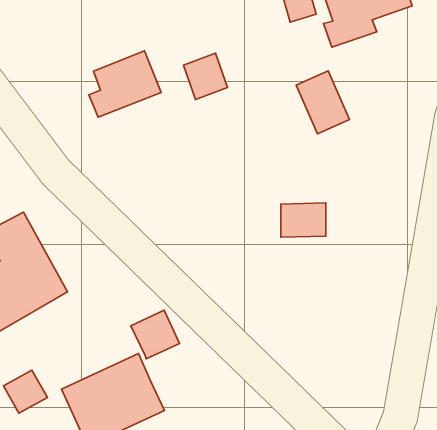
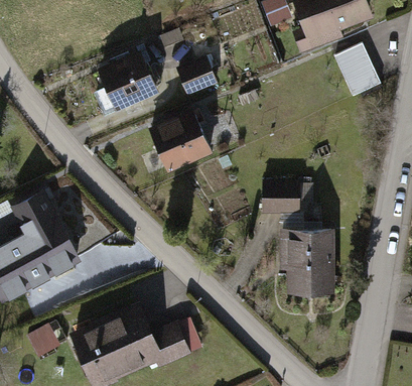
building: [296,71,349,134] -> [332,42,378,96]
building: none -> [151,111,210,167]
building: none -> [279,229,334,293]
building: [131,310,179,359] -> [150,319,191,361]

